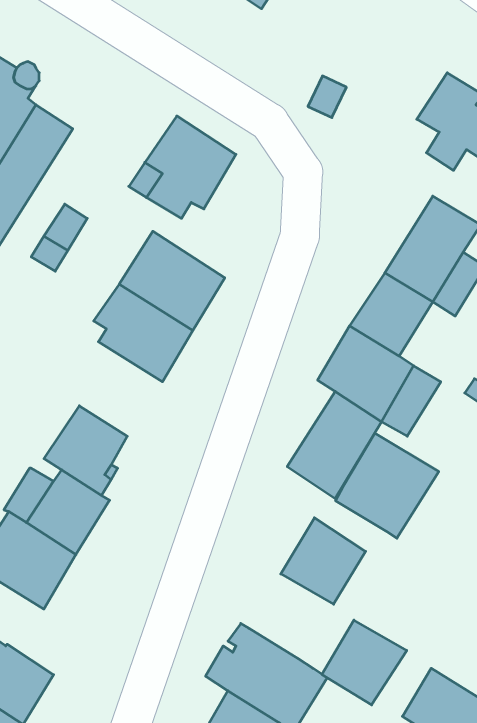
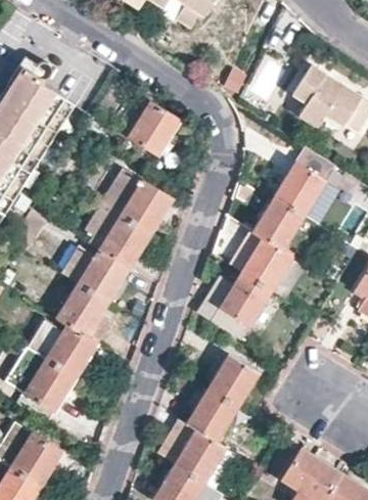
building: none -> [61,236,131,301]
building: [336,433,439,538] -> none
building: [322,620,407,705] -> [186,389,240,443]

